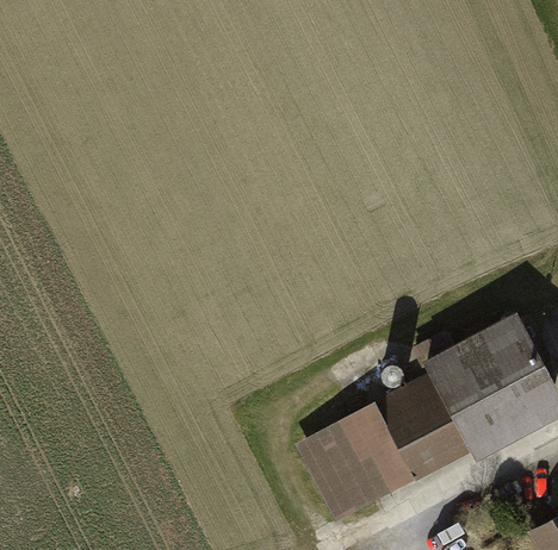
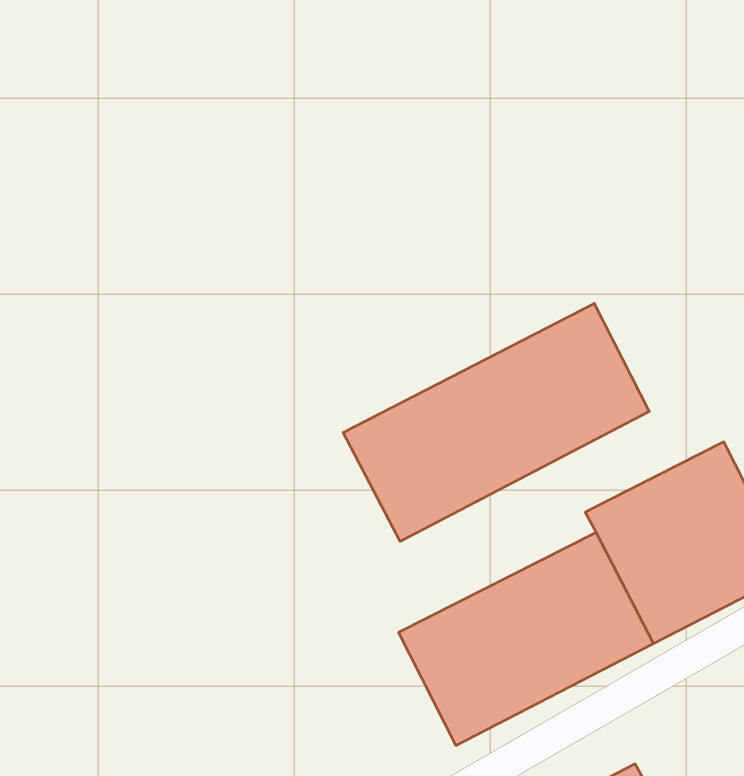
building: none -> [343,303,649,541]

